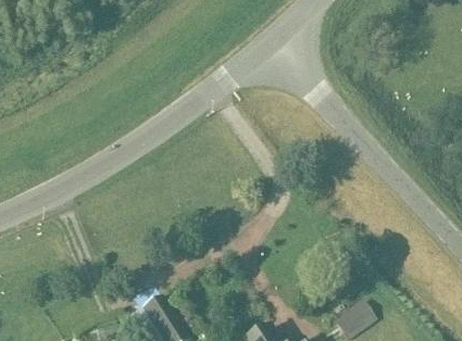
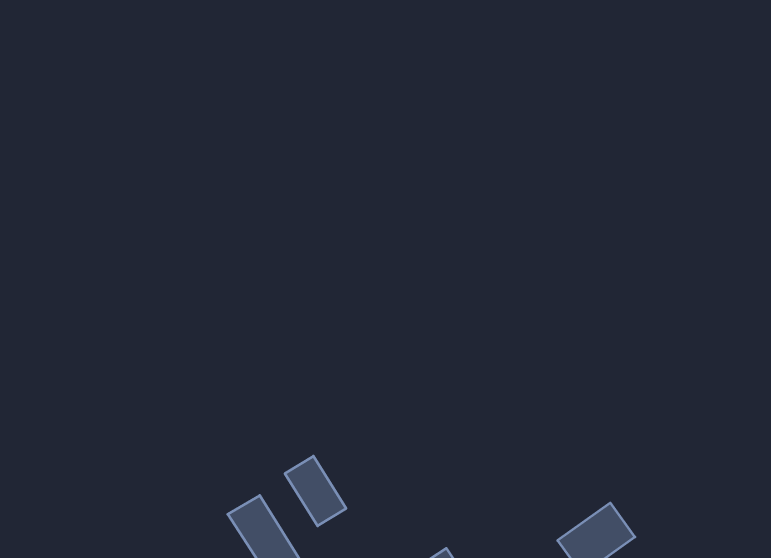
building: none -> [285,456,346,526]

